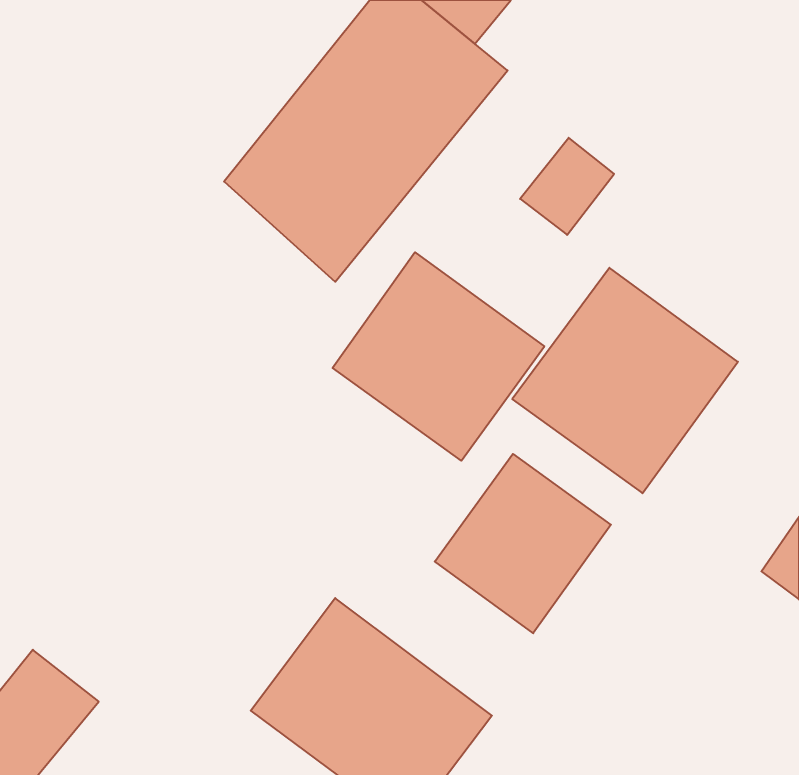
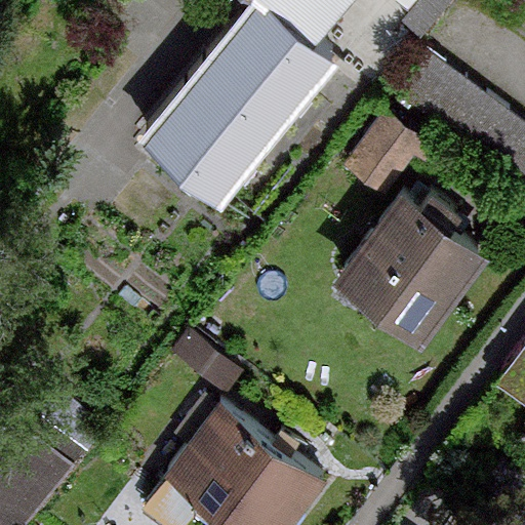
building: [333,252,544,461] -> none
building: [435,454,611,633] -> none

